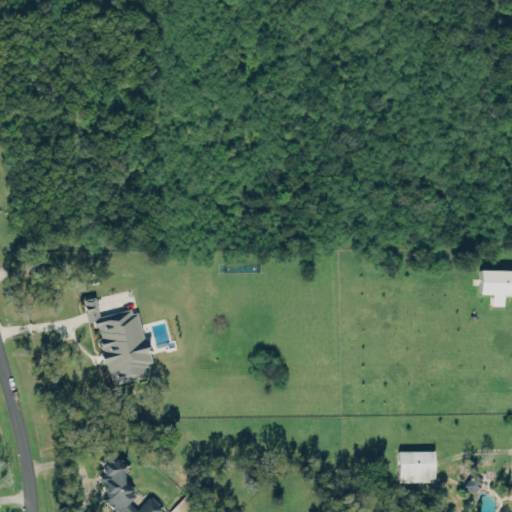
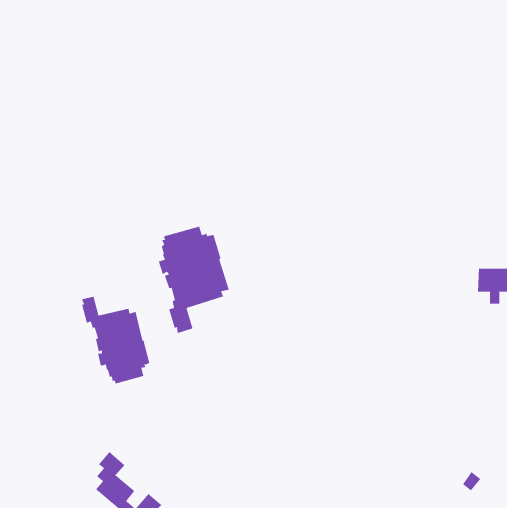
building: none -> [158,226,230,334]
building: [400,451,436,483] -> none

